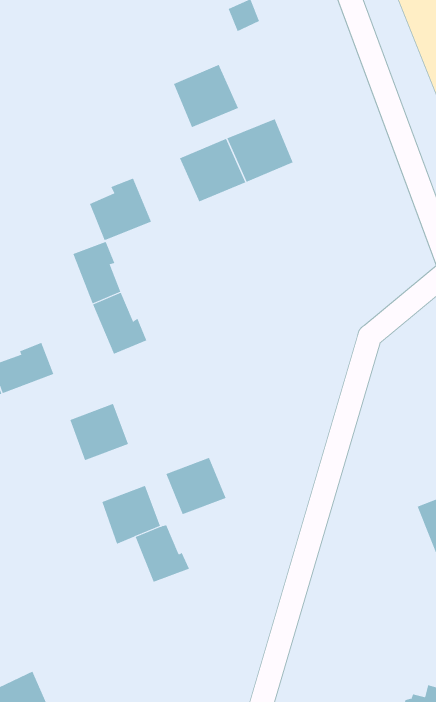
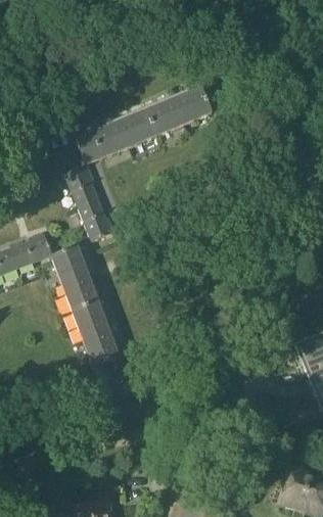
building: [173,64,239,128] -> [104,108,148,151]
building: none -> [51,244,91,284]
building: [165,457,226,515] -> [72,300,112,339]

